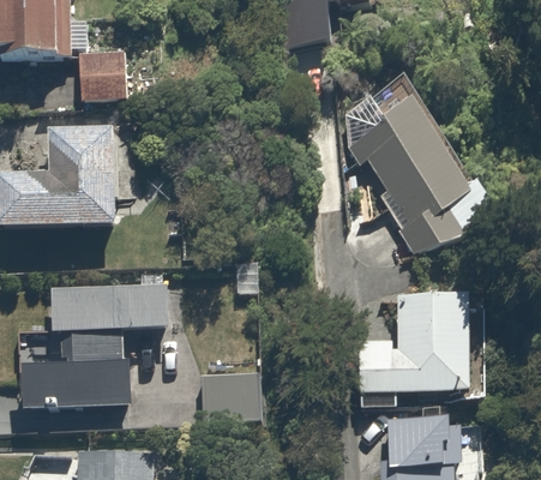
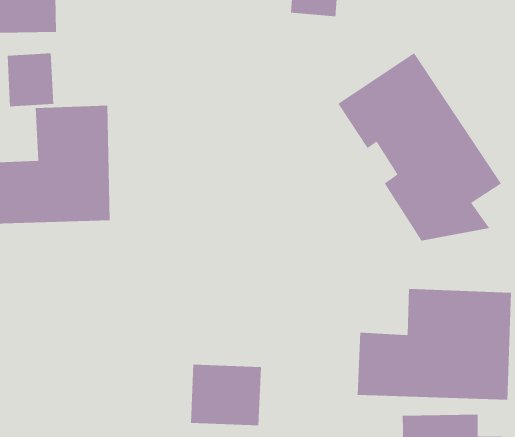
building: [77,48,121,98] -> [7,53,54,107]
building: [22,283,168,410] -> none

